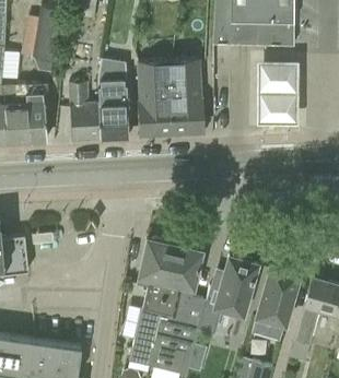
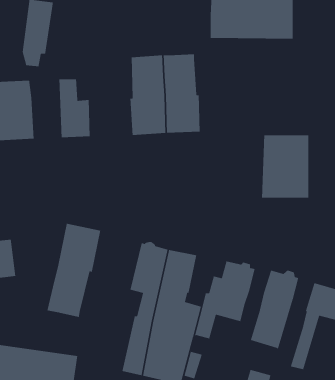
building: [257,58,303,119] -> [261,134,309,199]
building: [97,59,128,139] -> none
building: none -> [47,223,101,318]

